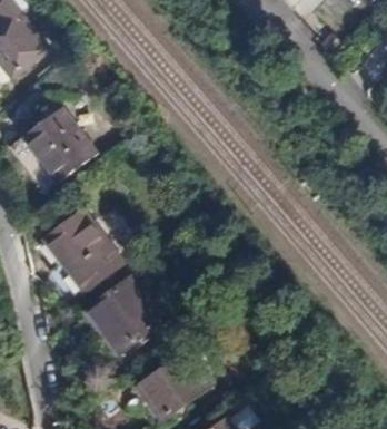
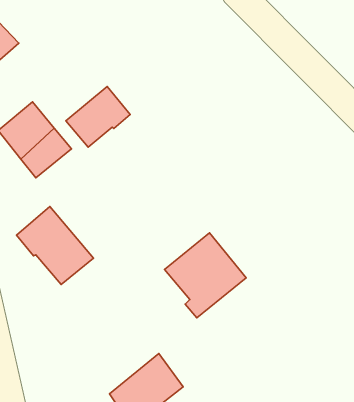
building: none -> [66,86,130,147]
building: [88,267,167,350] -> [165,233,246,318]

